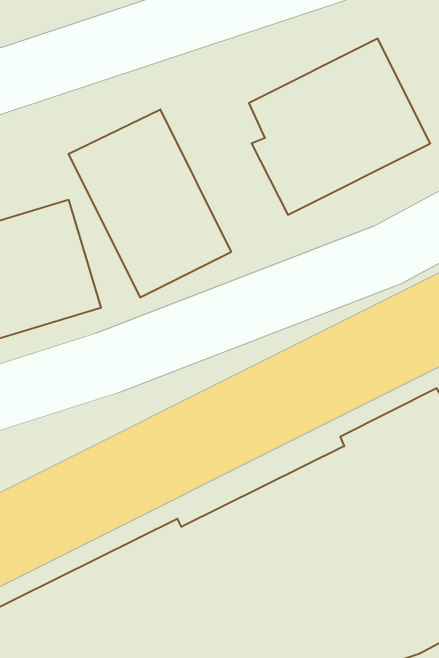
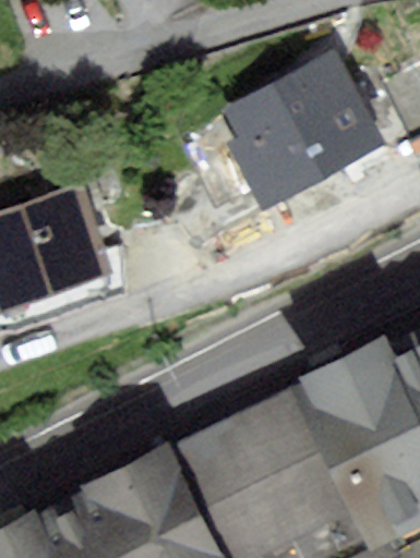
building: [69,109,231,297] -> none

